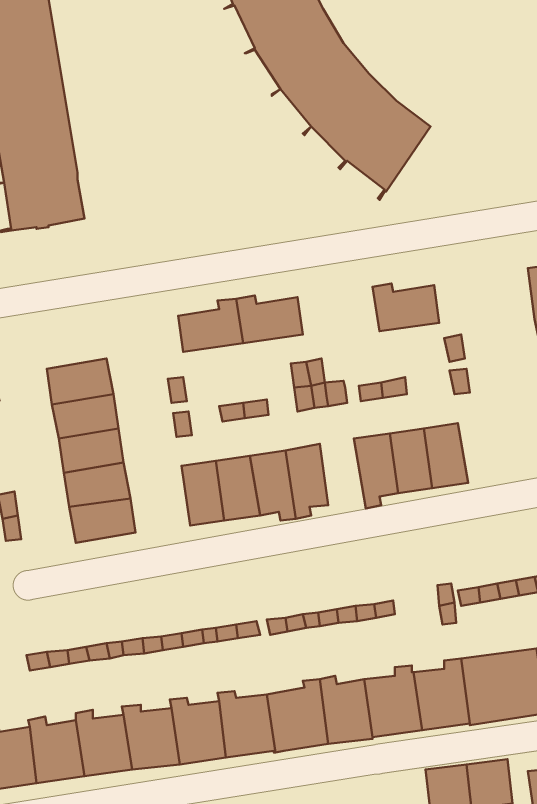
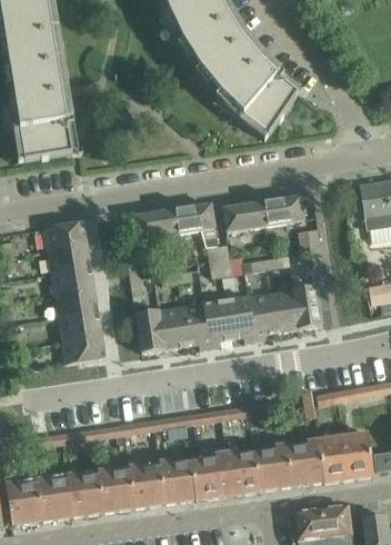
building: none -> [222,196,264,230]
building: none -> [44,220,87,249]
building: none -> [225,295,255,341]

